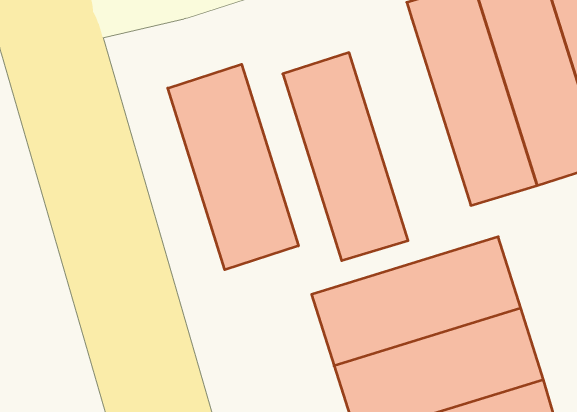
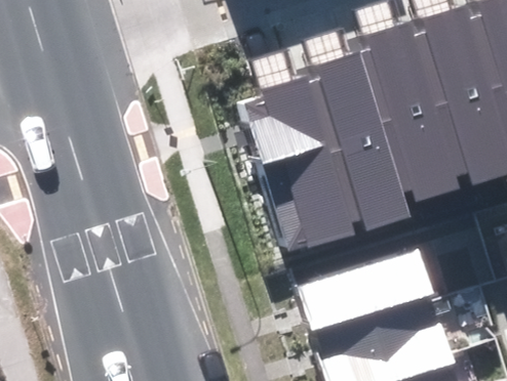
building: none -> [306,50,412,231]
building: [168,64,298,270] -> none

